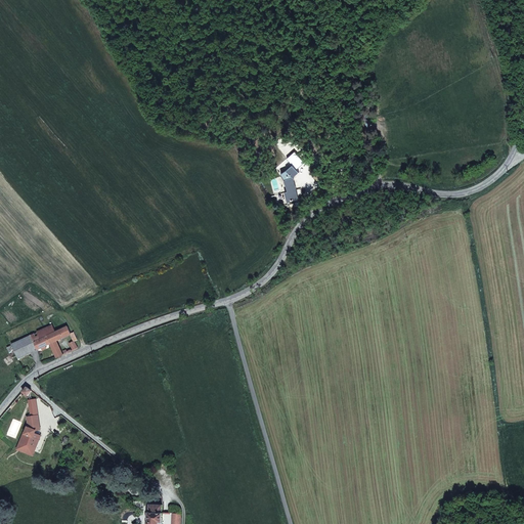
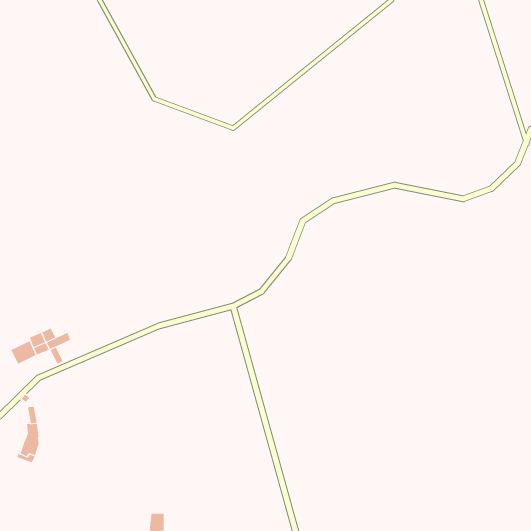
building: [281,151,304,202] -> none

